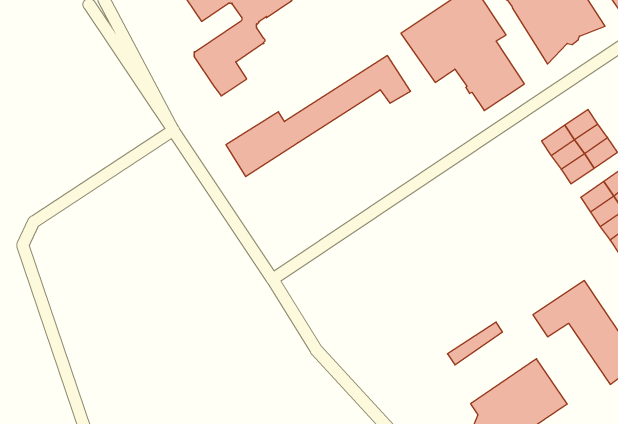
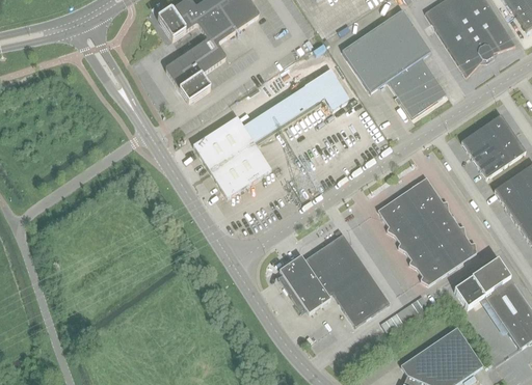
building: none -> [210,142,272,197]
building: none -> [378,176,477,283]
building: none -> [278,232,390,325]

